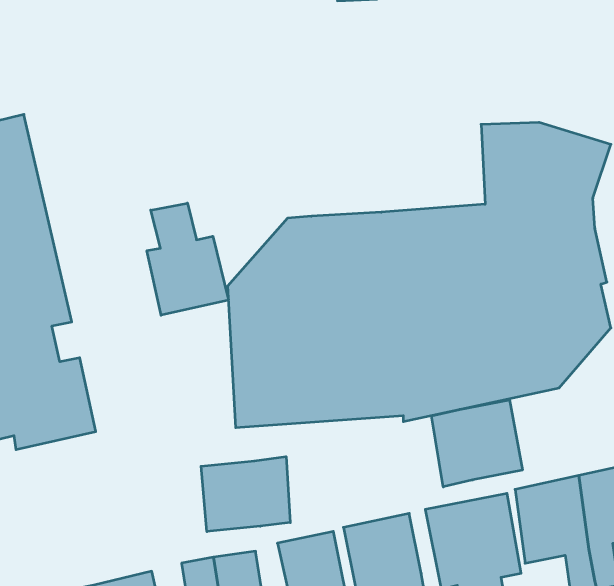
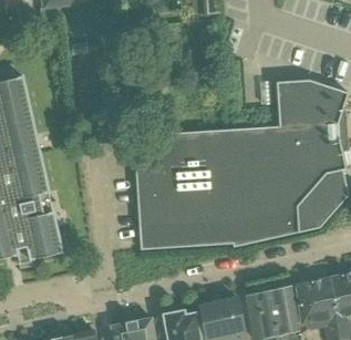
building: [147,203,228,315] -> none
building: [432,400,522,487] -> none
building: [201,457,290,532] -> none

